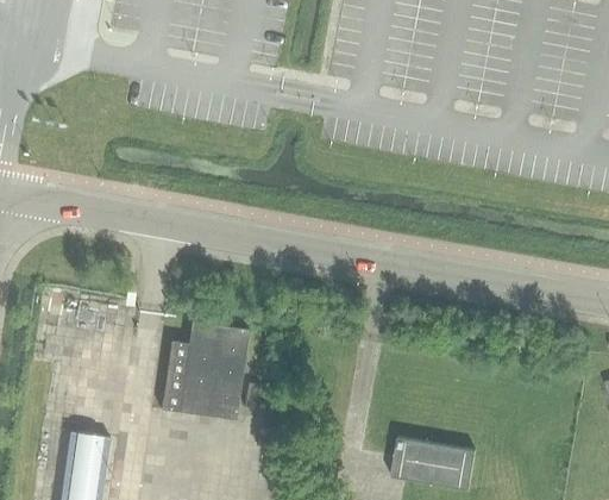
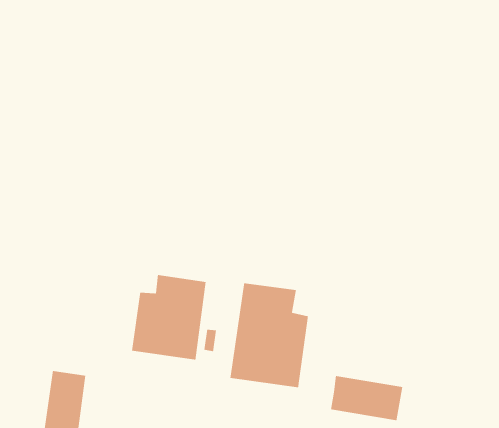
building: none -> [230,283,309,388]

